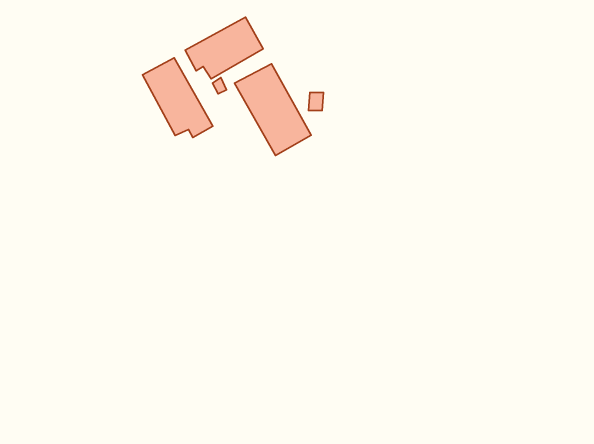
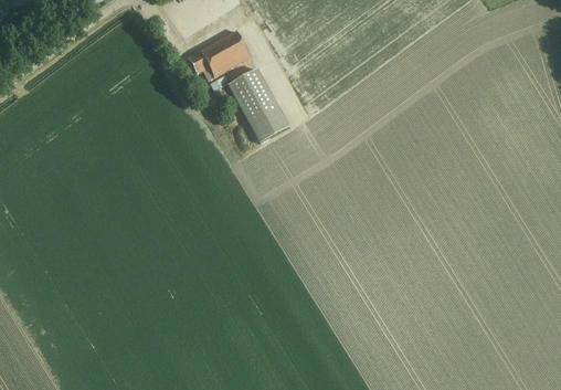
building: [143,58,213,138] -> none

